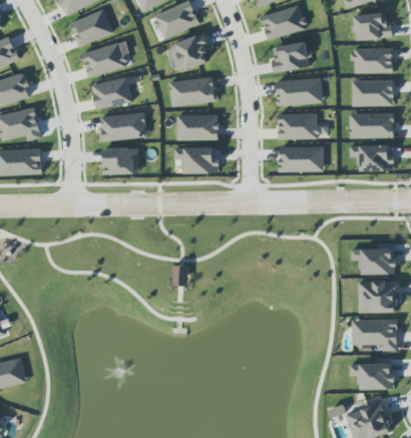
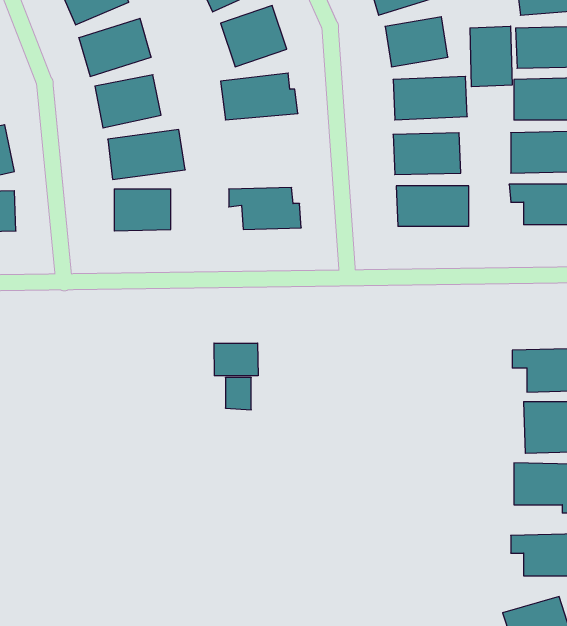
building: none -> [470,26,512,87]
building: [176,114,219,140] -> none
building: none -> [214,343,258,376]

